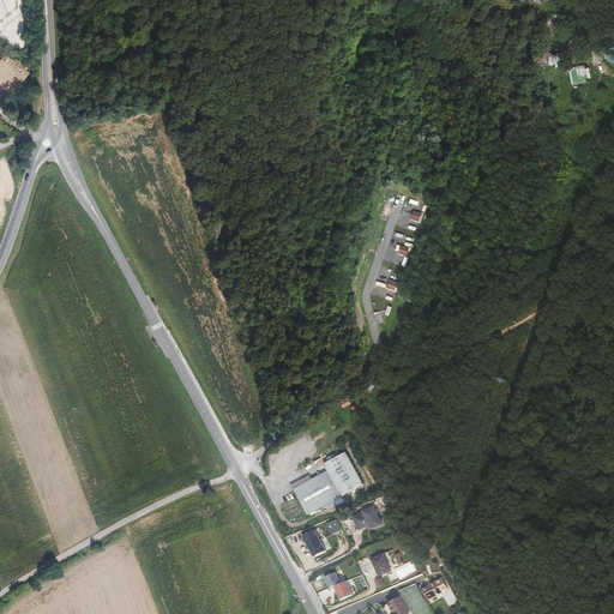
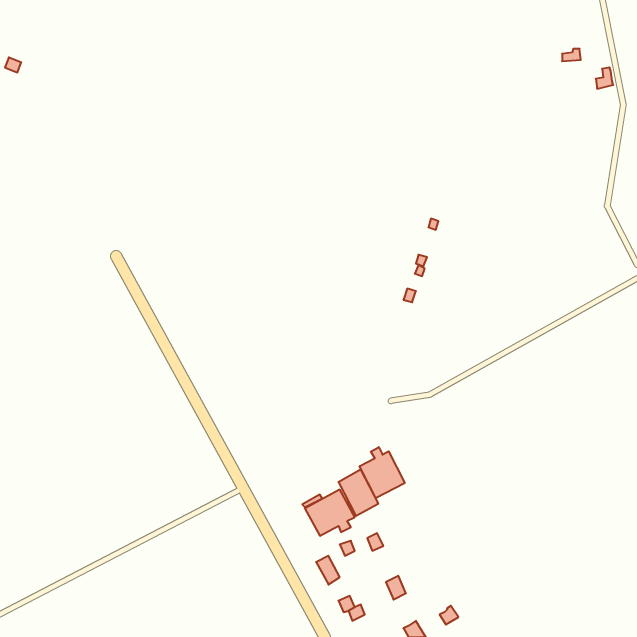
building: none -> [359,447,405,498]

